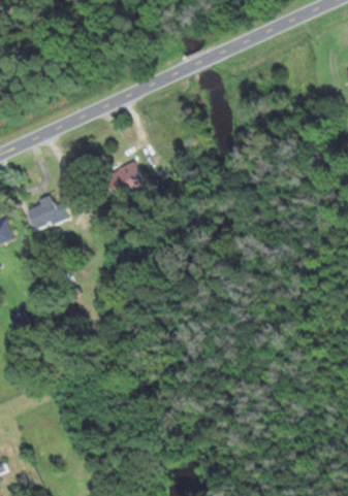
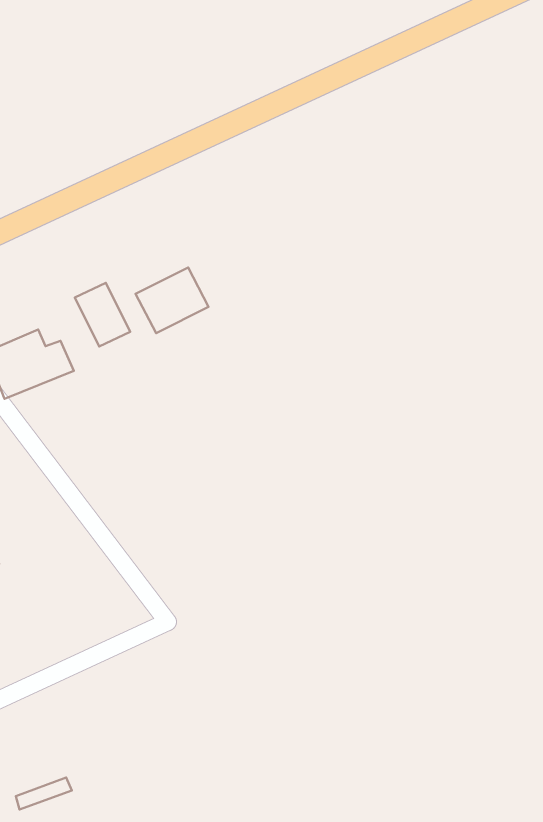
building: none -> [75,283,130,347]

